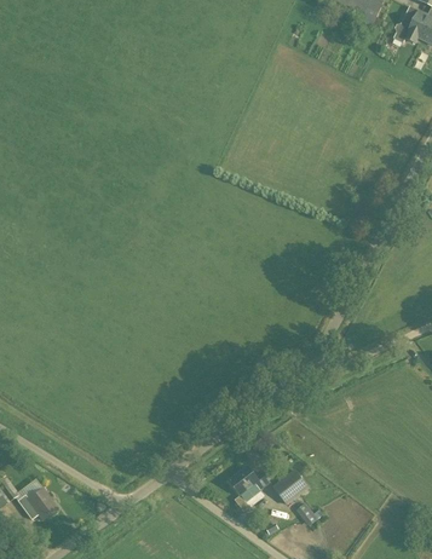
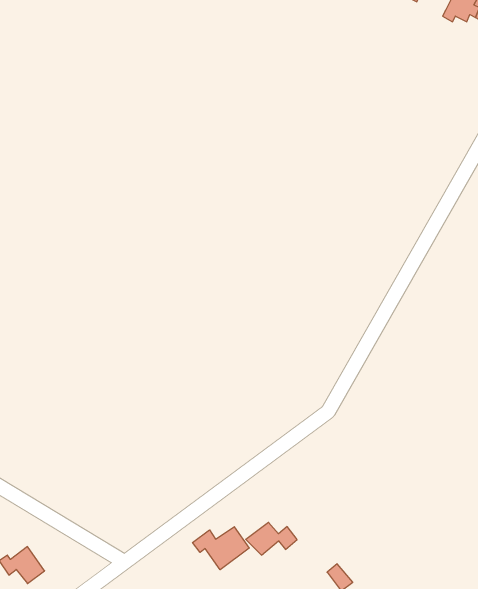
building: [273,469,311,506] -> none
building: none -> [193,527,249,570]

